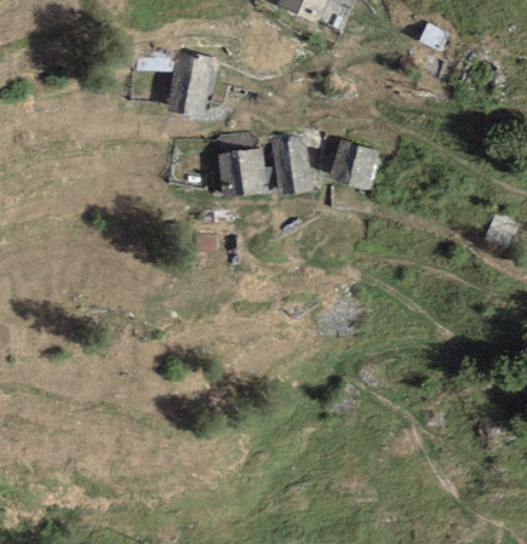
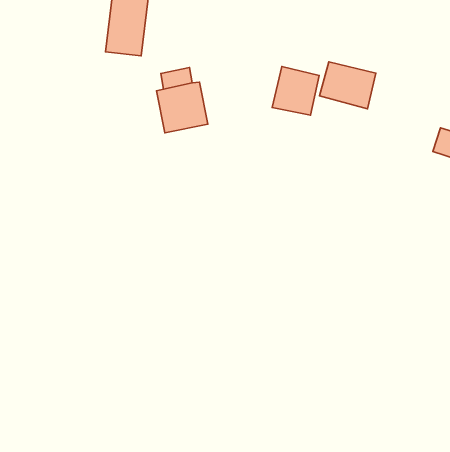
building: [273,137,314,194] -> none
building: none -> [320,62,376,109]

